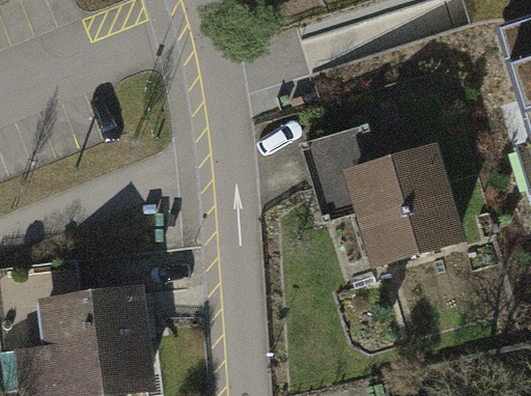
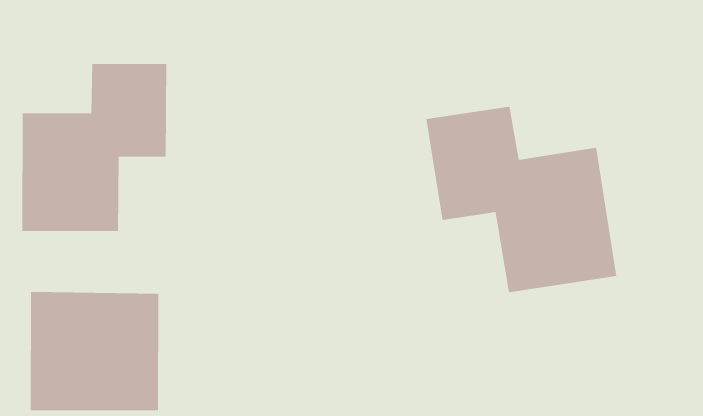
building: none -> [22,63,167,232]

